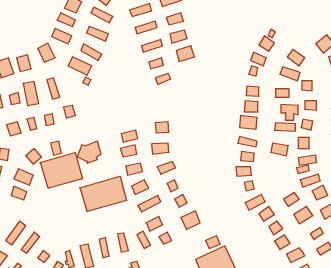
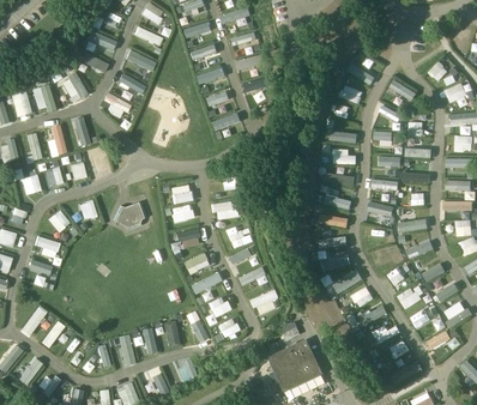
building: [40,152,82,188] -> none
building: [80,176,127,212] -> none

